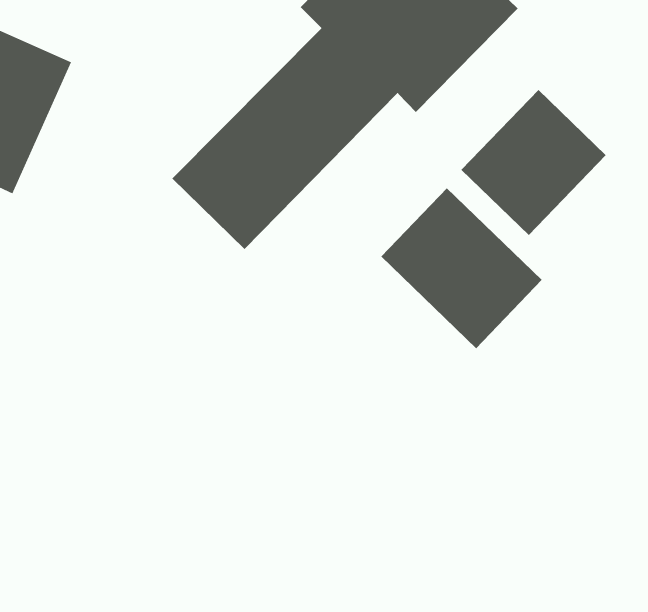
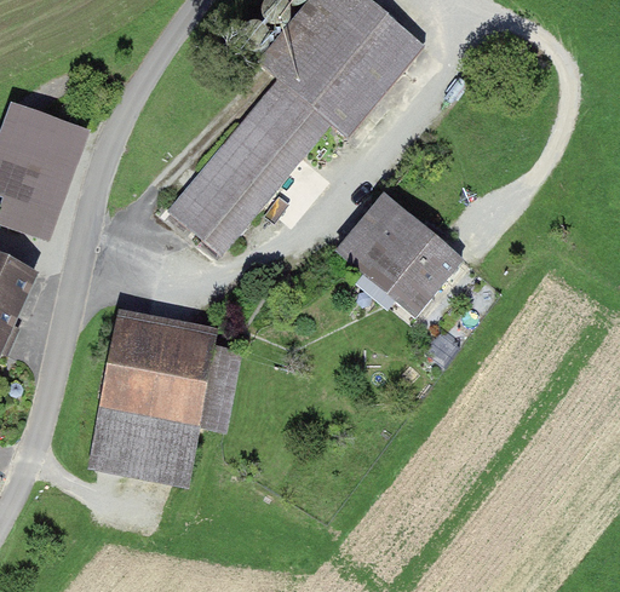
building: [461,89,607,236] -> none
building: none -> [92,311,246,487]

